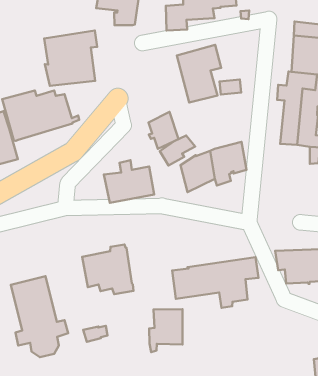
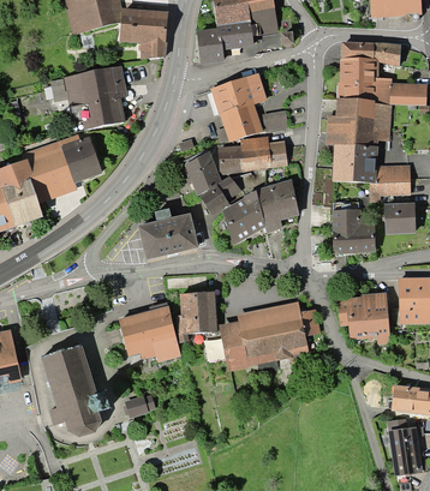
building: none -> [217,145,286,169]
building: none -> [332,202,374,252]
building: [149,309,183,352] -> [177,292,215,342]

